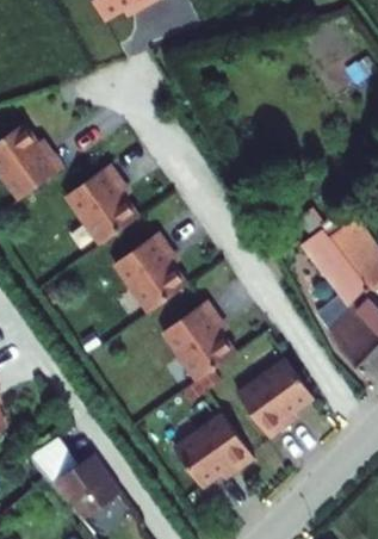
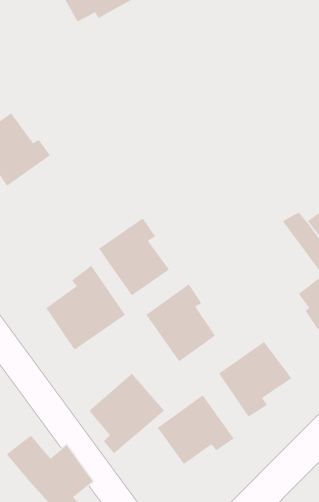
building: [67,163,141,243] -> none
building: none -> [46,265,126,351]
building: none -> [89,373,165,454]

